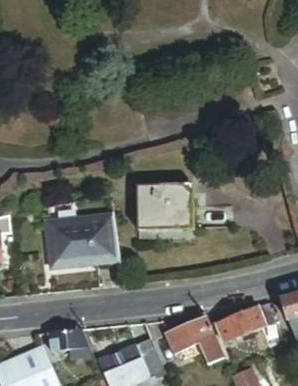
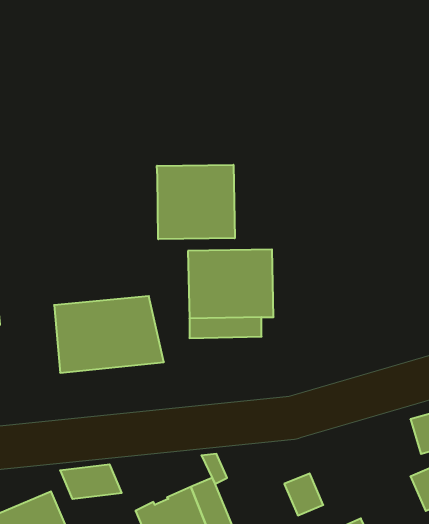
building: none -> [157,165,235,239]
building: [215,301,275,342] -> none
building: [166,315,215,352] -> none

